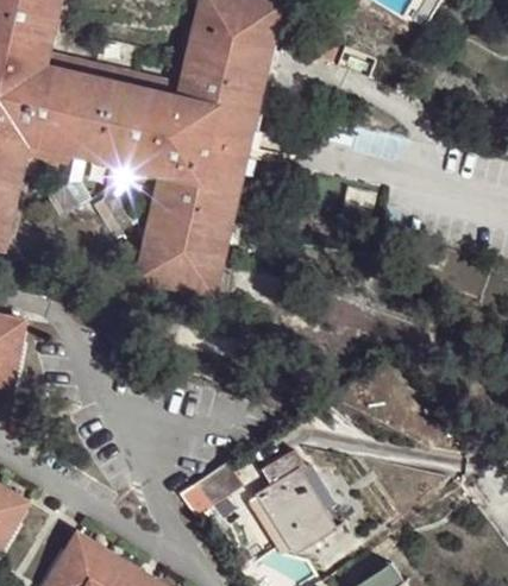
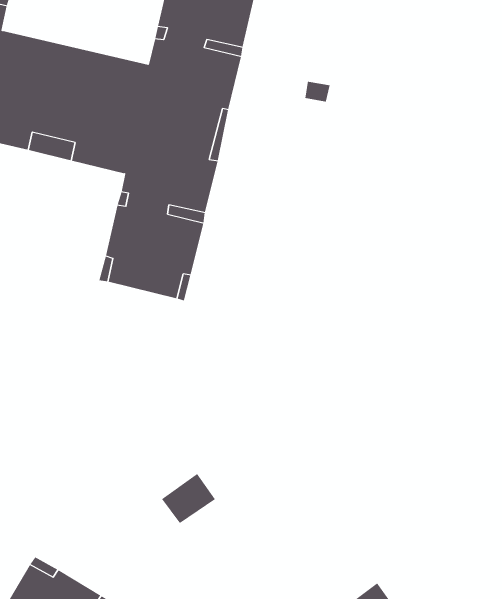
building: [258,449,334,552] -> none

